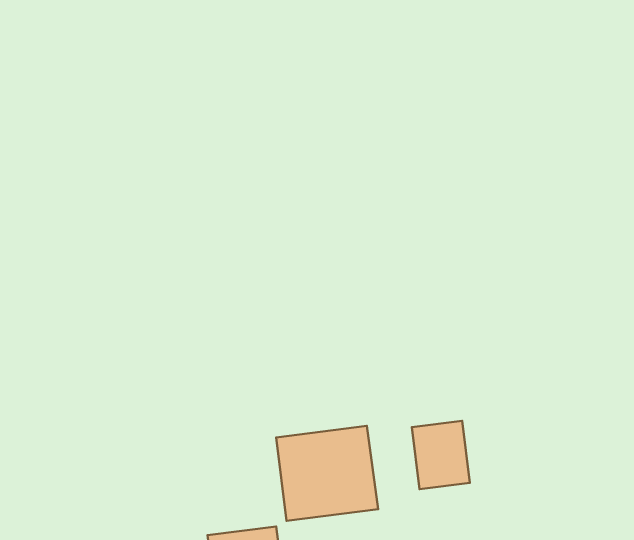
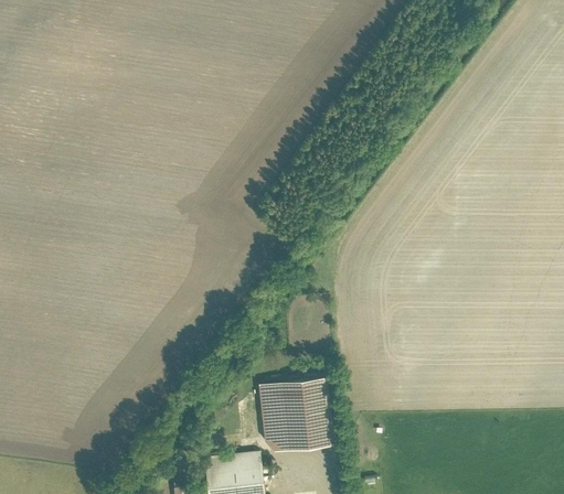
building: [412,421,470,489] -> none

